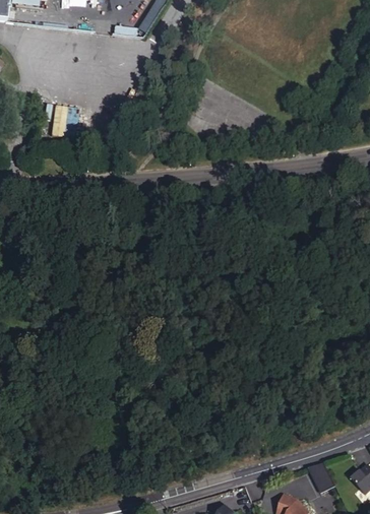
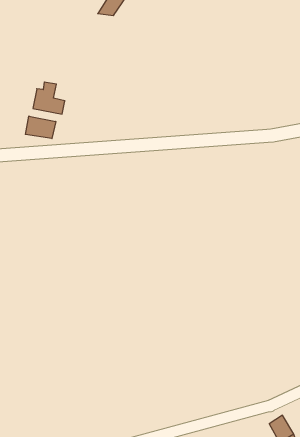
building: none -> [25,116,56,139]

